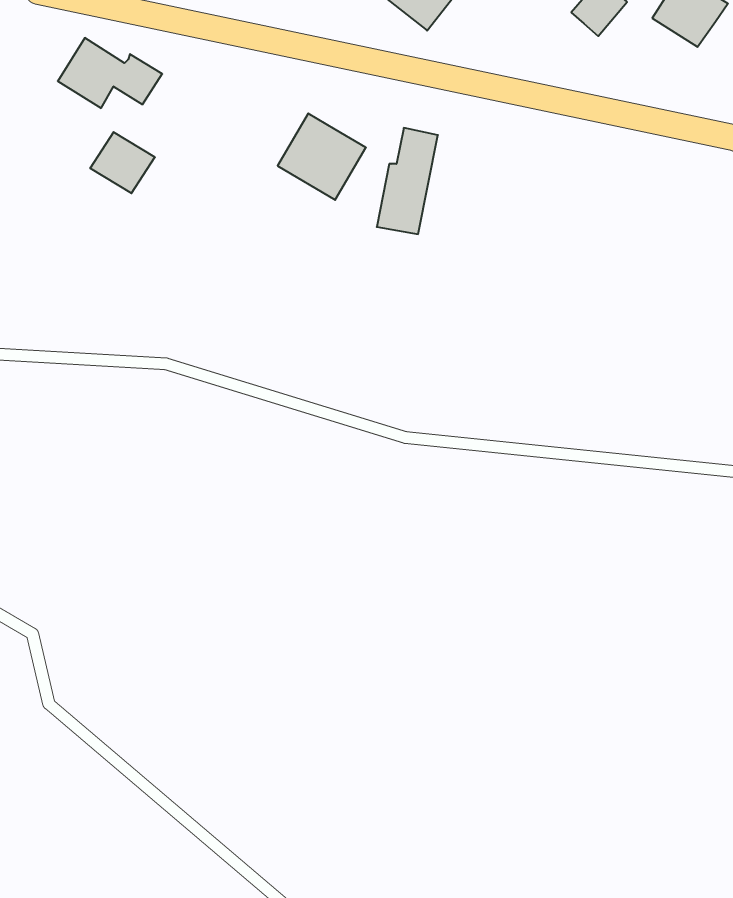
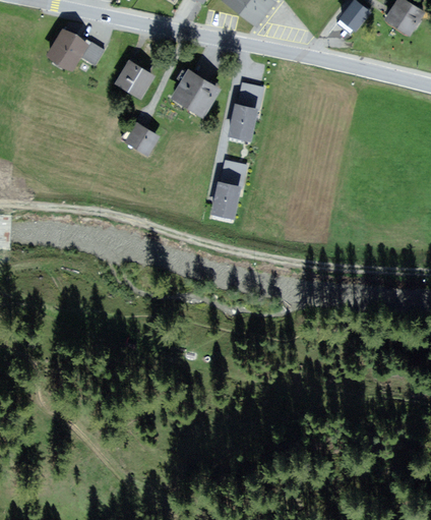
building: [90,132,155,193] -> [118,63,155,98]
building: none -> [126,124,157,153]
building: none -> [209,156,246,217]

